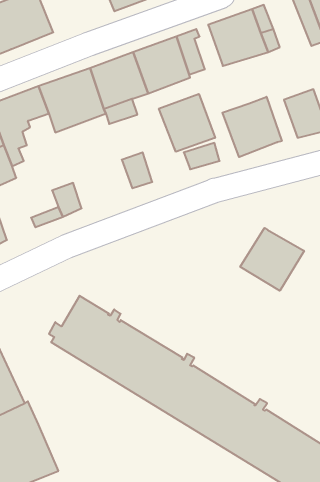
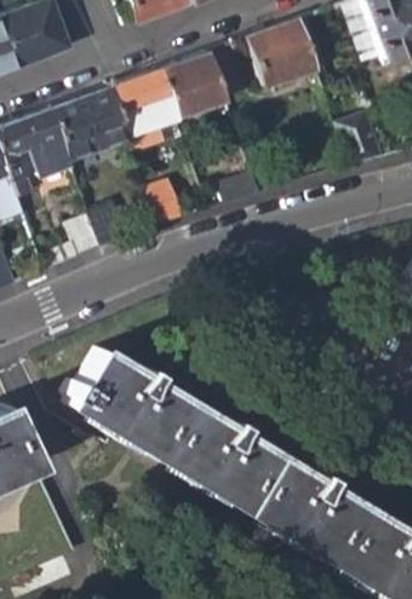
building: [159,94,215,152] -> none
building: [222,97,282,157] -> none
building: [240,228,304,291] -> none

